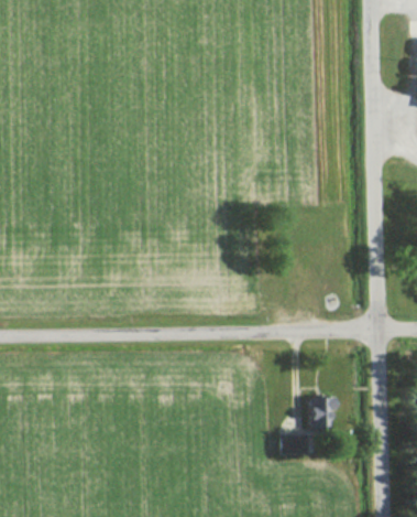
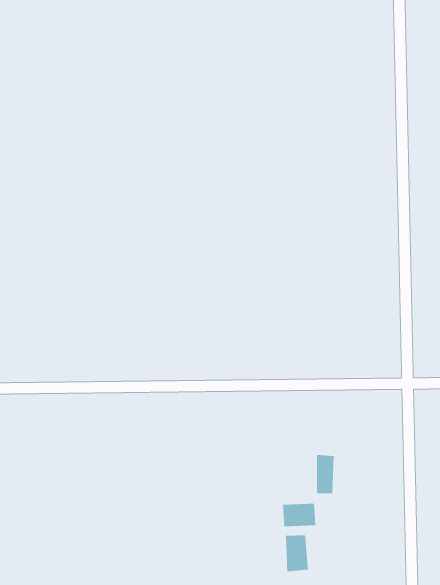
building: none -> [285,535,309,572]

